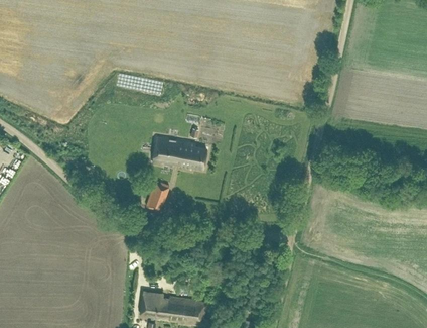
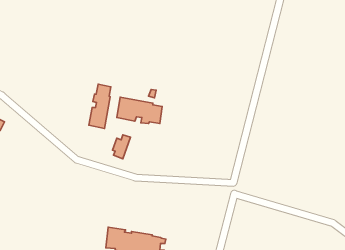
building: none -> [89,84,111,128]

